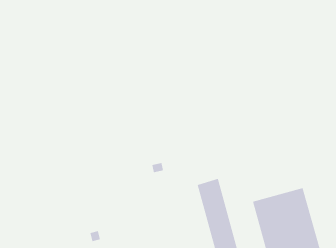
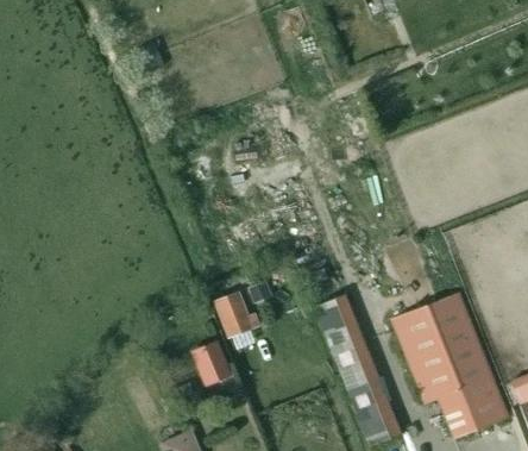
building: none -> [219,290,263,336]
building: none -> [194,342,230,383]

